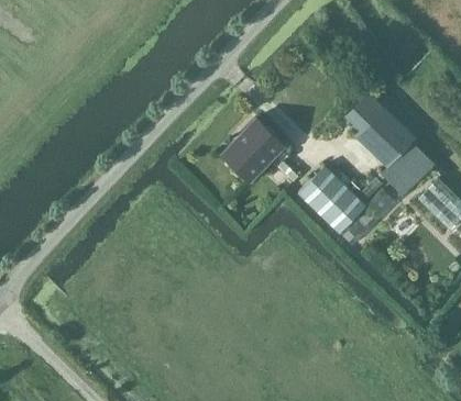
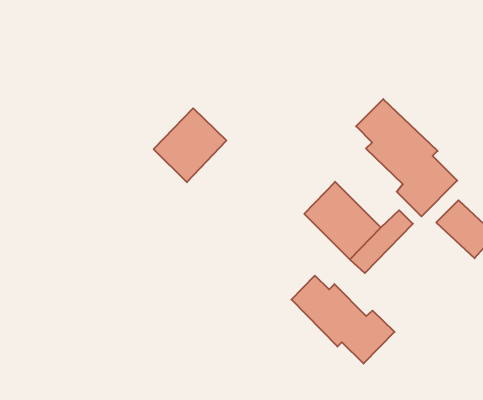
building: [222,118,287,183] -> [154,108,226,182]
building: none -> [291,276,395,364]

